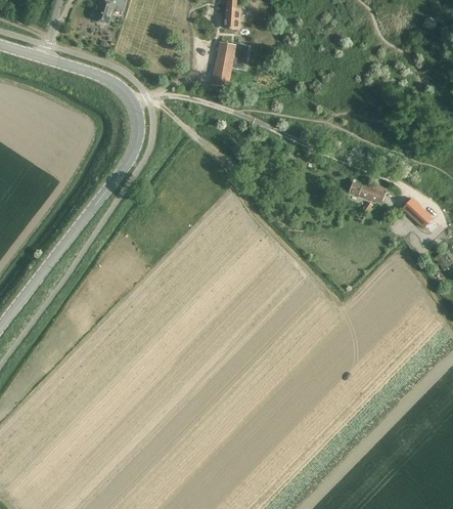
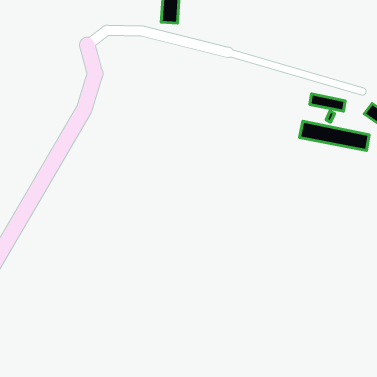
building: none -> [300,121,369,150]

